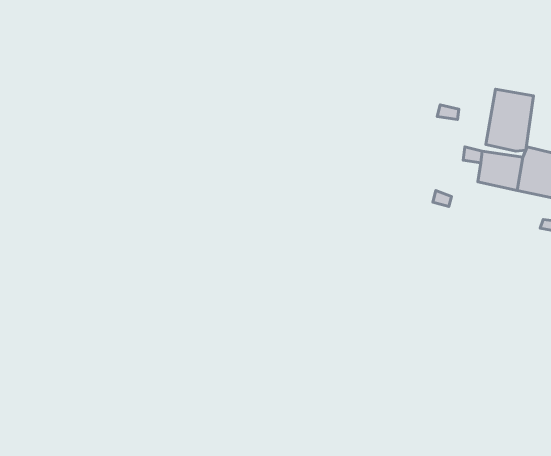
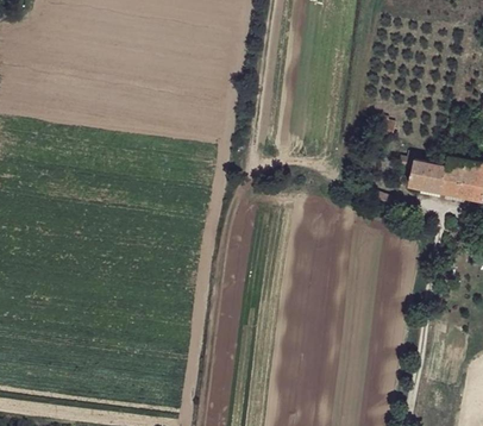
building: [486,89,534,151] -> none

